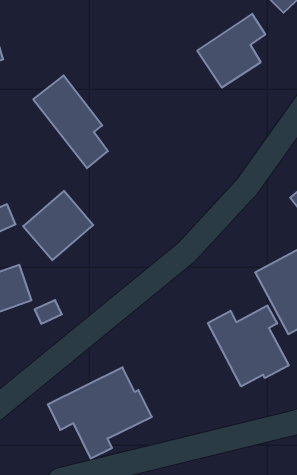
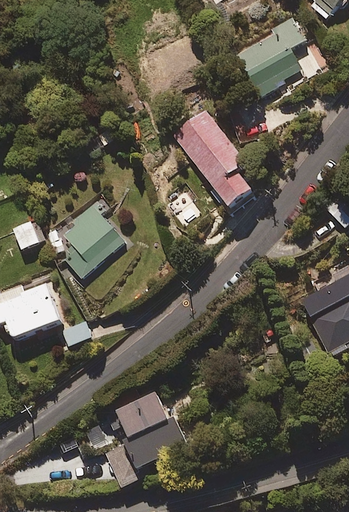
building: [33,75,108,168] -> [172,109,251,207]
building: [208,305,289,386] -> none

